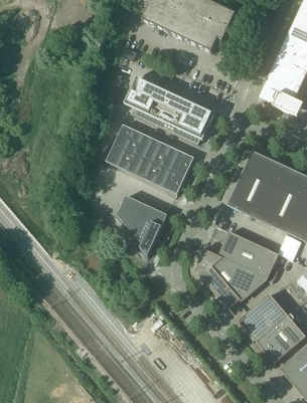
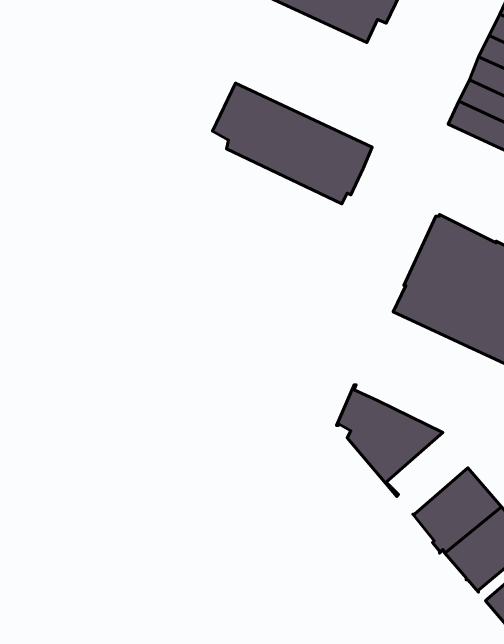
building: [107,124,194,194] -> none
building: [118,195,168,257] -> none
building: [218,231,280,278] -> none

